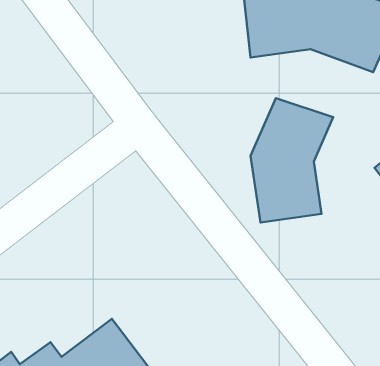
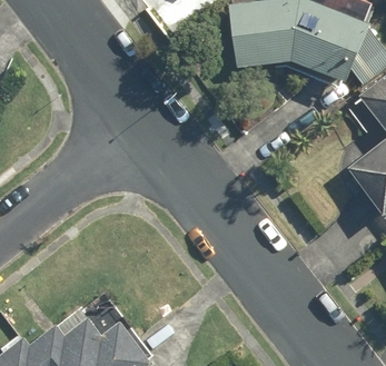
building: [251,98,333,223] -> none

